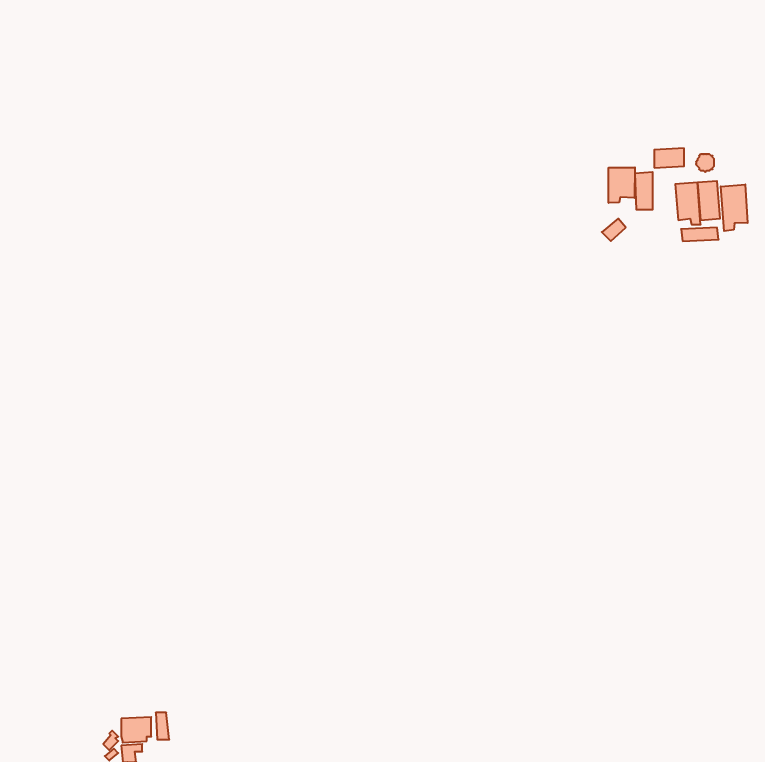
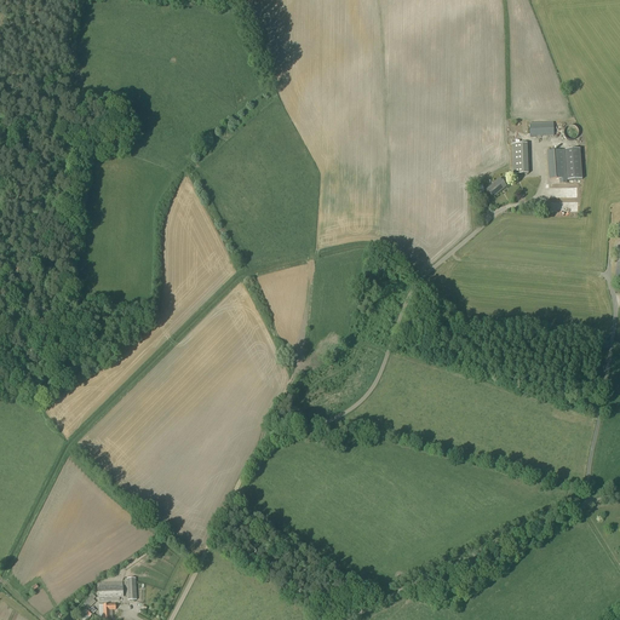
building: [609,167,635,203] -> none
building: [721,184,748,231] -> none

